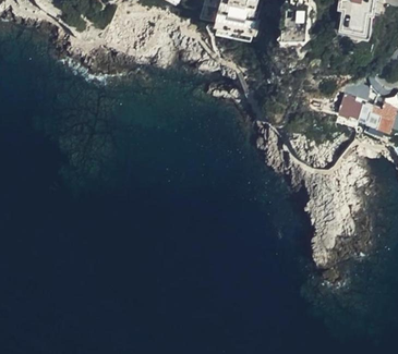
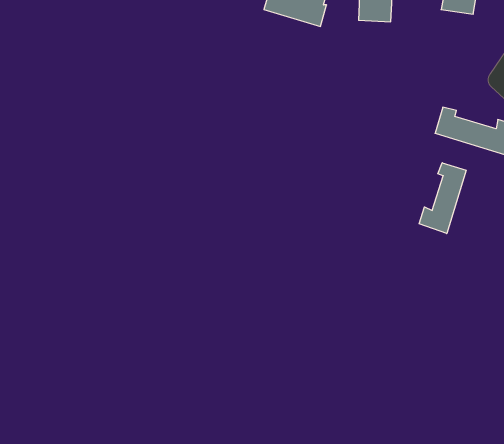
building: none -> [419,163,466,234]

